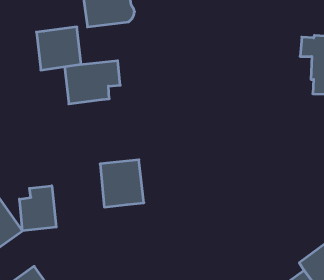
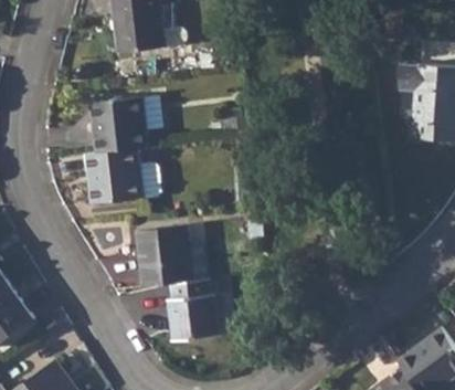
building: [36,27,81,70] -> [84,147,142,203]
building: [19,186,56,231] -> none
building: none -> [168,280,219,342]

